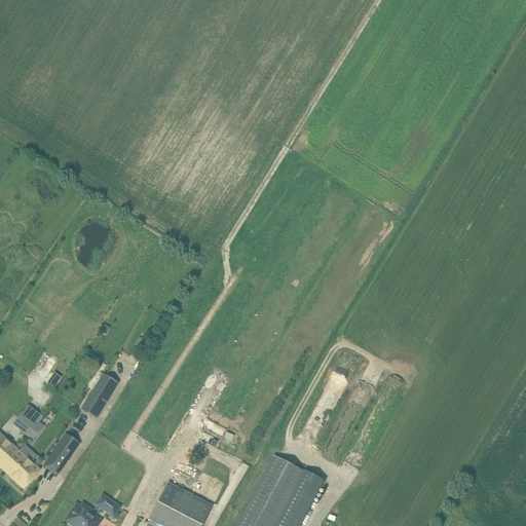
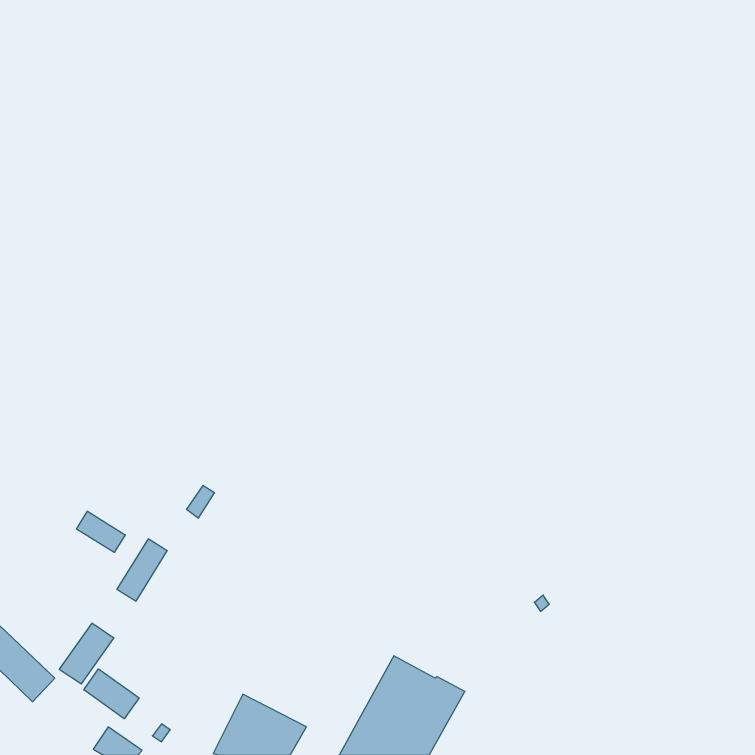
building: none -> [76,511,125,552]
building: [11,411,41,440] -> none
building: none -> [84,669,139,719]

